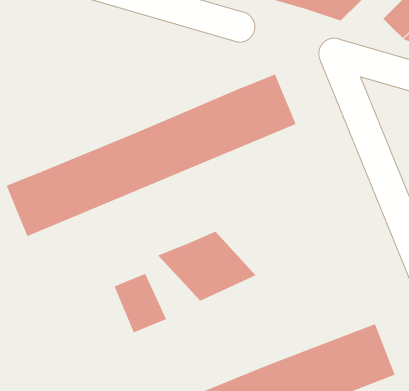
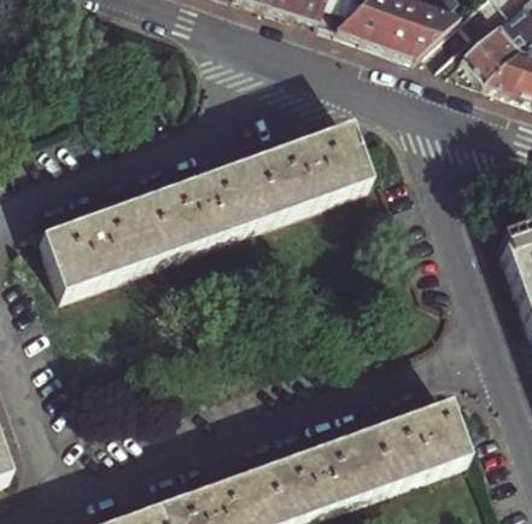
building: [157,231,257,301] -> none
building: [114,273,167,333] -> none

